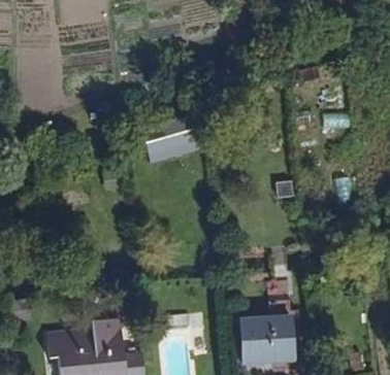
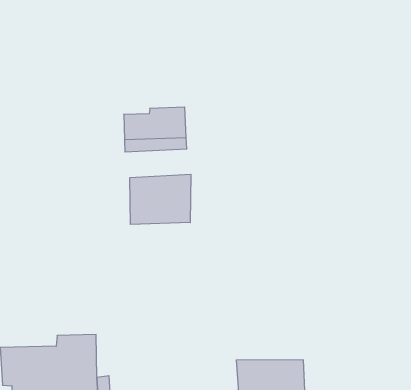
building: none -> [130,174,191,224]

